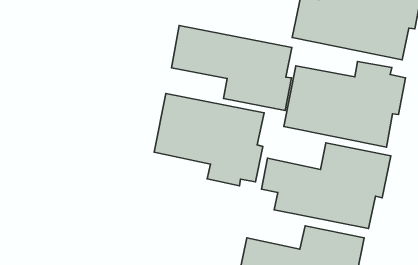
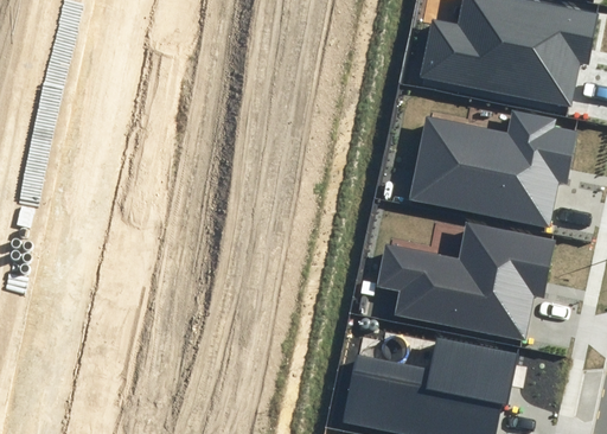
building: [171,25,292,111] -> none
building: [154,94,264,186] -> none

